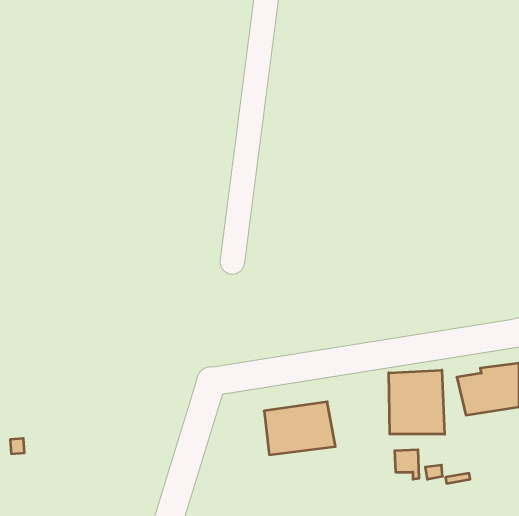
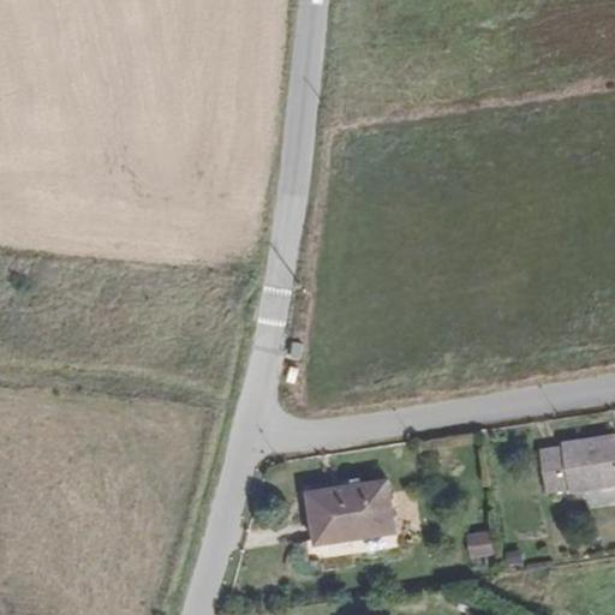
building: [389,370,445,434] -> none

